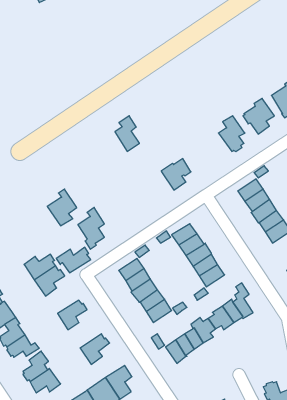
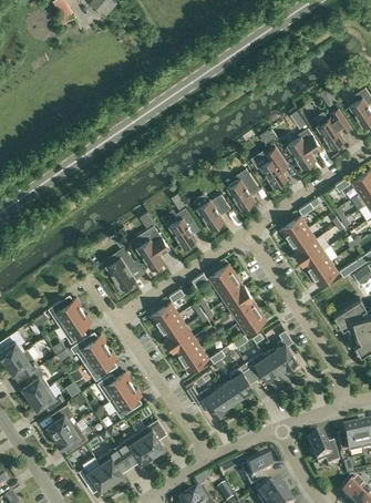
building: [115,116,139,151] -> [169,208,196,247]
building: none -> [227,168,257,208]
building: [47,189,77,226] -> [136,228,168,268]
building: [56,247,91,273] -> [70,335,107,362]
building: none -> [97,372,132,400]

